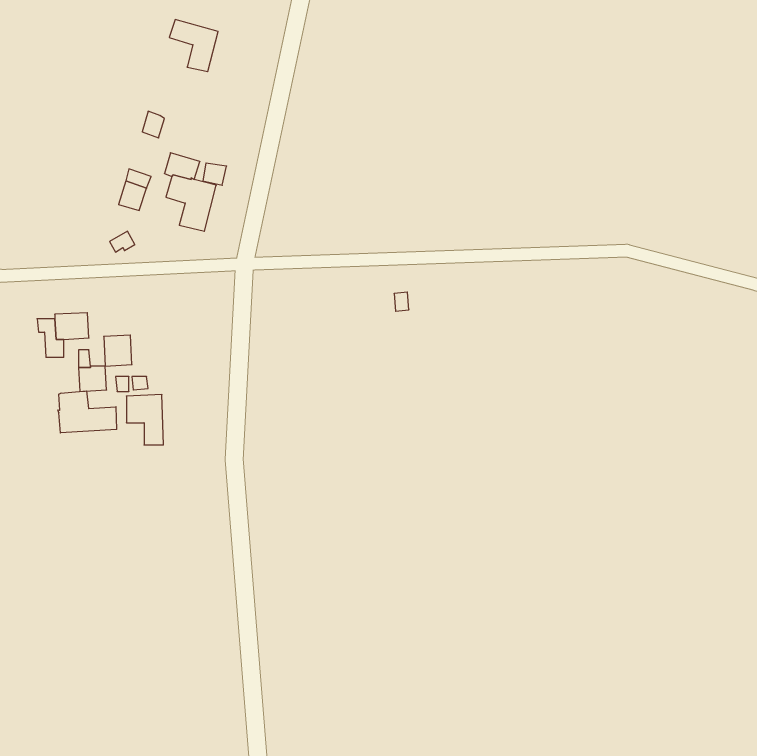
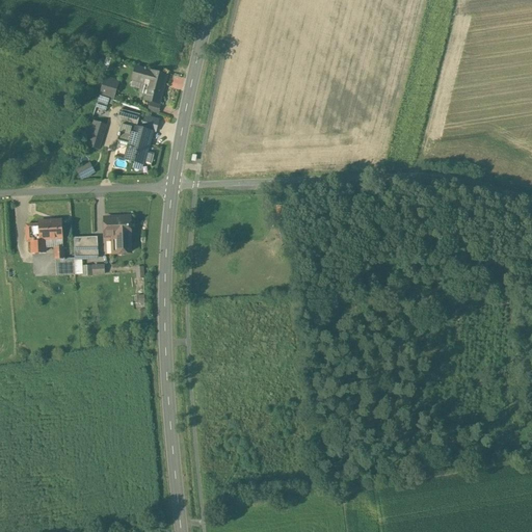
building: [169,20,218,72] -> [132,65,166,102]
building: [58,391,117,433] -> none
building: [126,395,163,445] -> [105,215,131,250]

